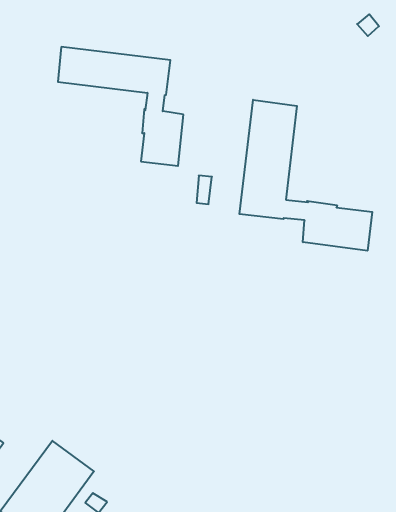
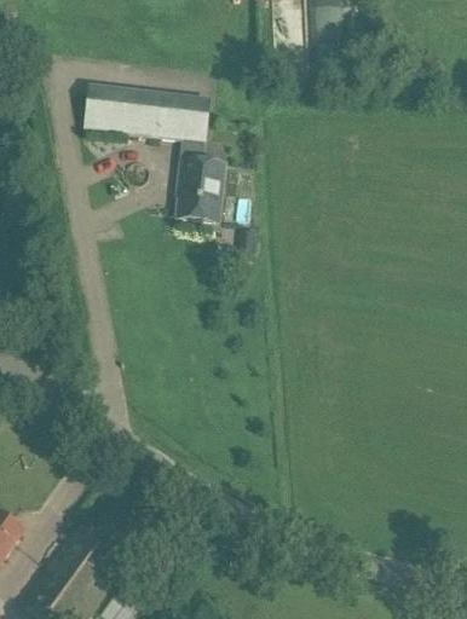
building: [239,100,372,251] -> none

